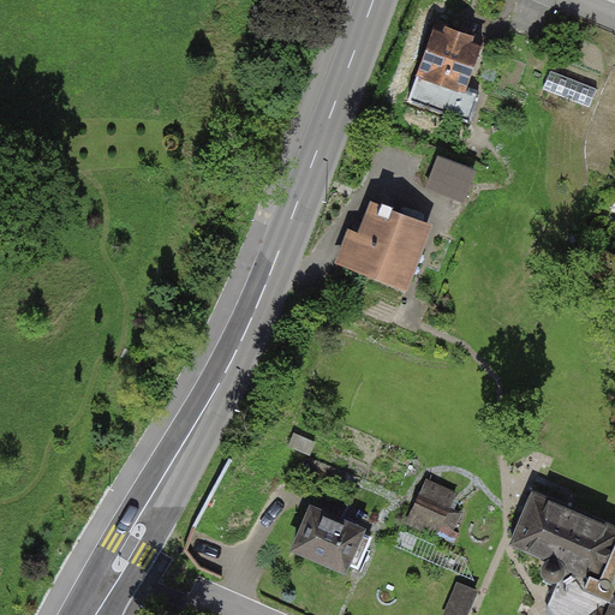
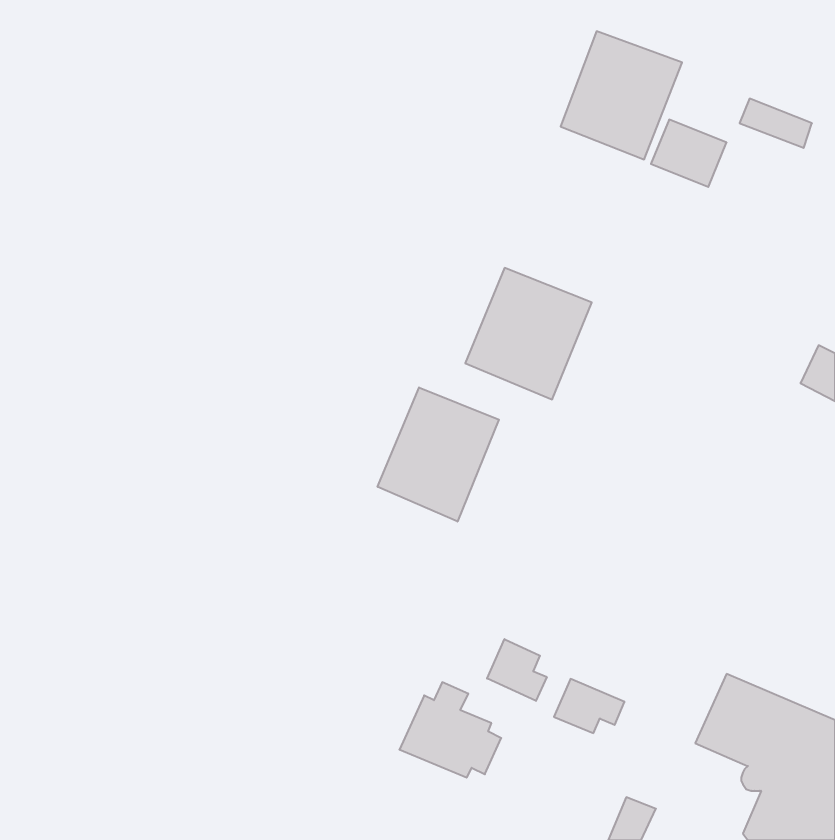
building: [422,153,477,202] -> [651,120,727,187]
building: none -> [378,387,499,522]
building: none -> [487,639,547,701]

